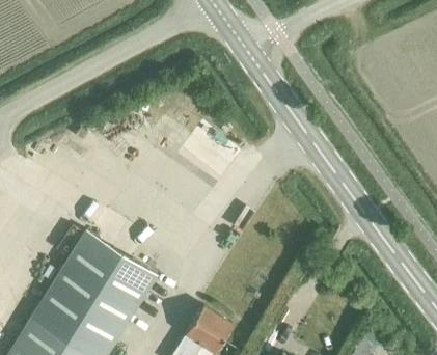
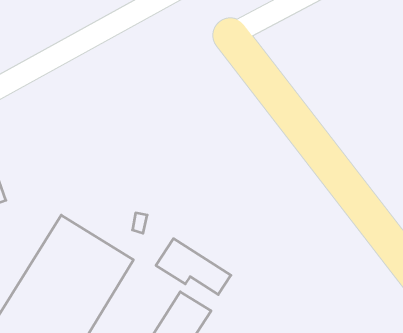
building: none -> [156,239,231,295]

